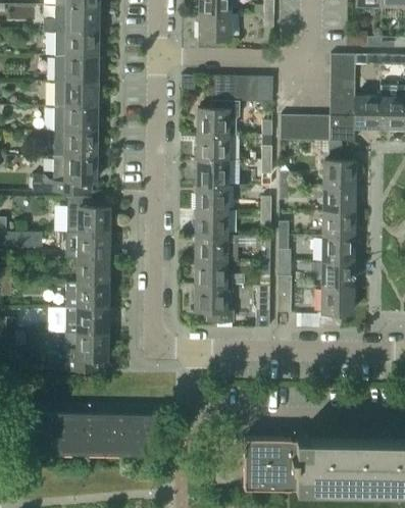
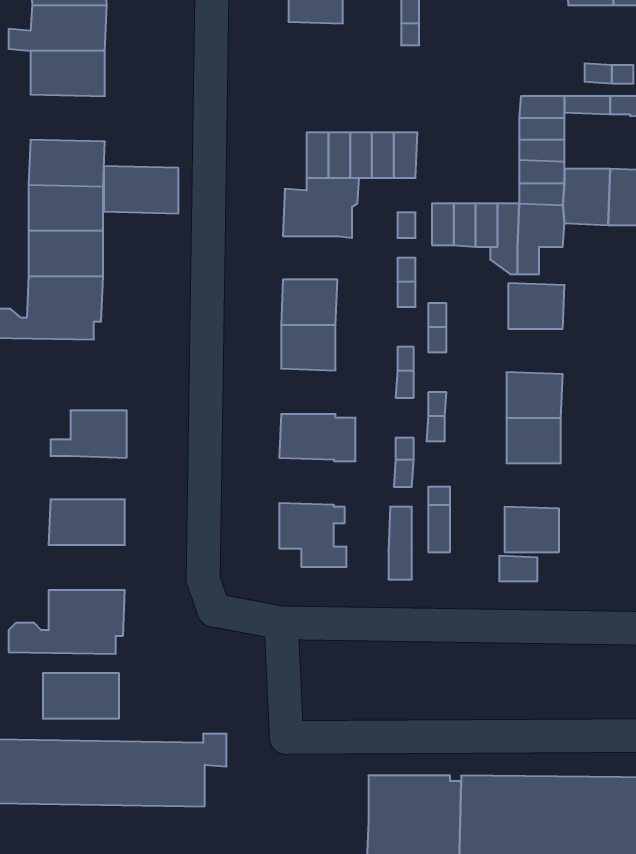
building: [200,14,232,41] -> none
building: [56,55,98,82] -> [104,166,178,213]
building: [198,135,229,159] -> none
building: [323,187,355,212] -> none
building: [67,198,110,233] -> none
building: [197,209,227,235] -> none
building: [78,258,110,283] -> none
building: [196,259,226,286] -> none
building: [322,262,354,288] -> none
building: [66,308,109,334] -> [43,673,119,719]

